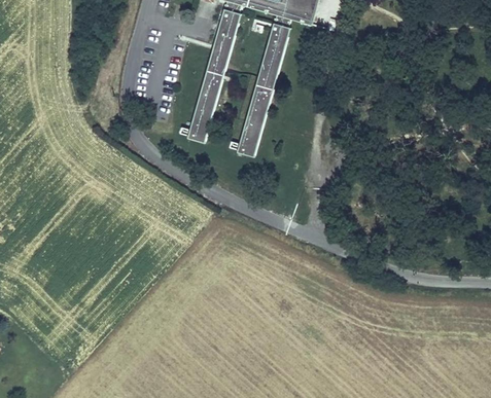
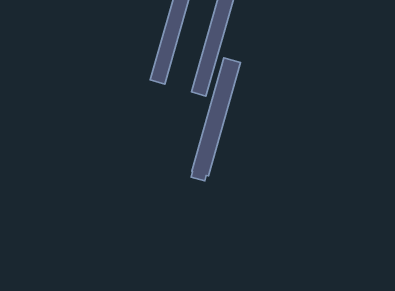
building: none -> [191,58,241,181]

